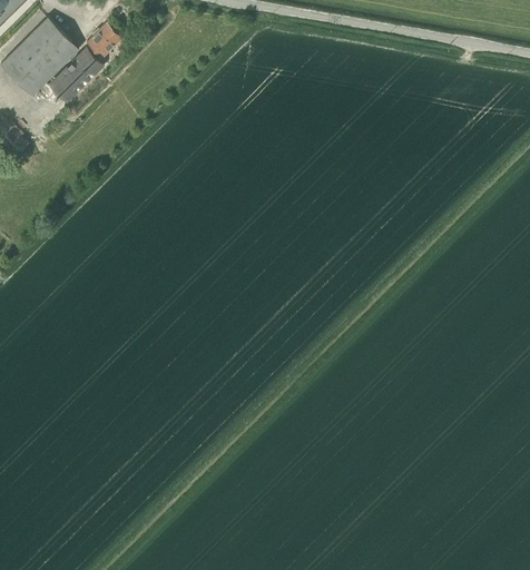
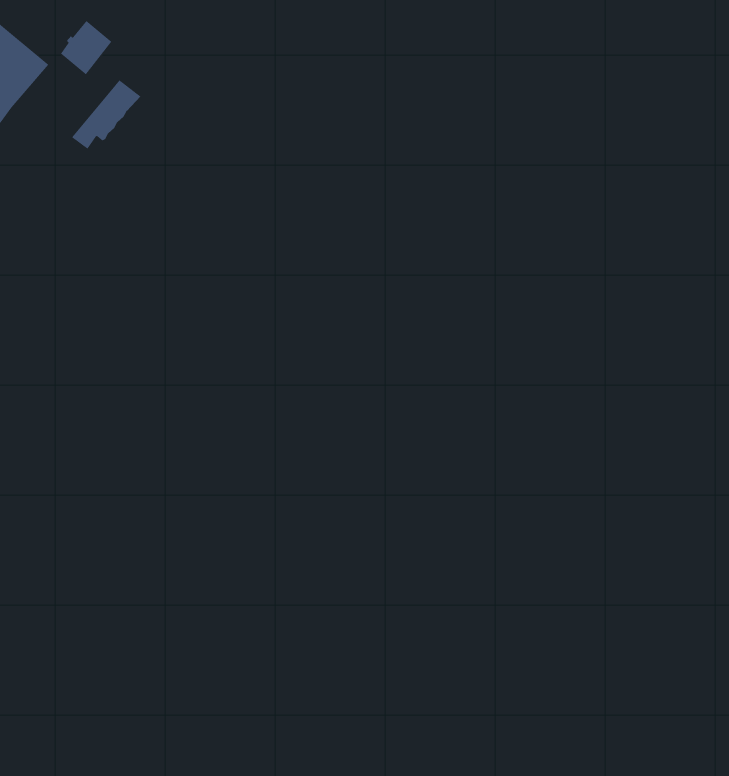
building: [51,51,99,95] -> [71,80,141,150]

